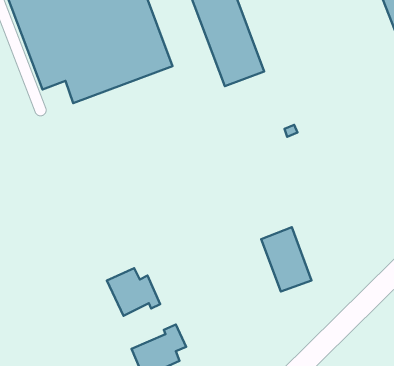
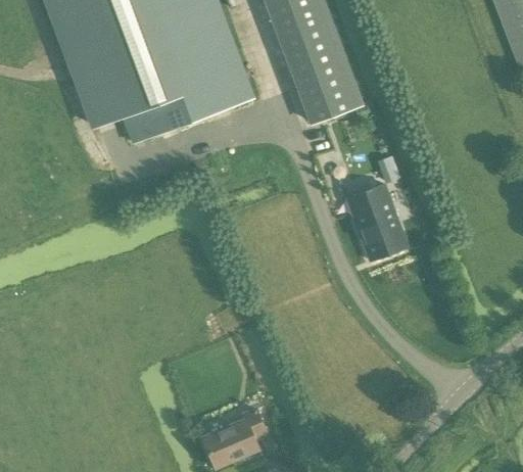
building: [261,227,312,292] -> [347,184,408,261]
building: [107,268,160,316] -> none

